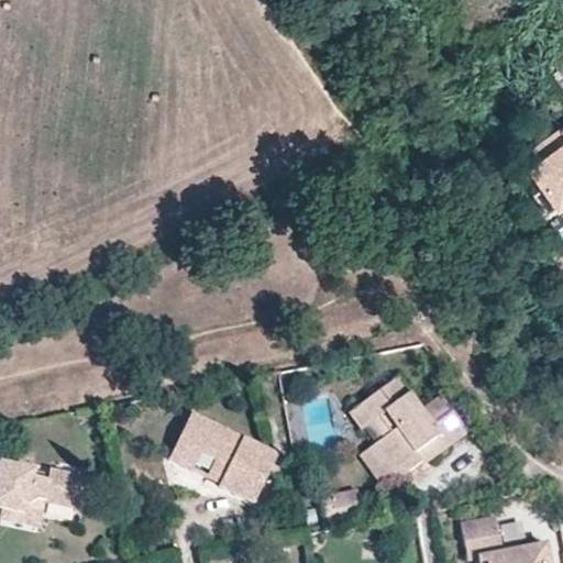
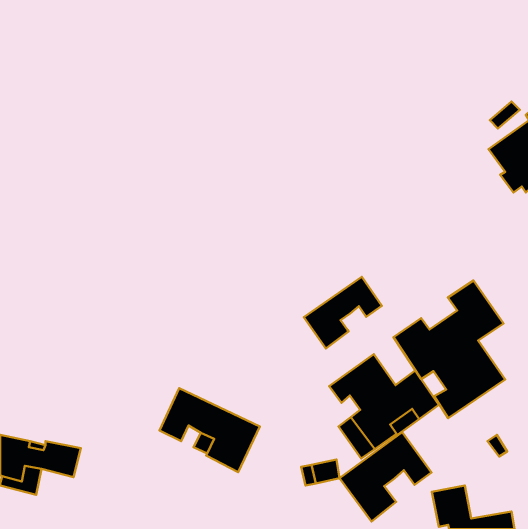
building: none -> [304,277,382,348]
building: none -> [393,281,505,418]
building: none -> [340,432,431,521]

